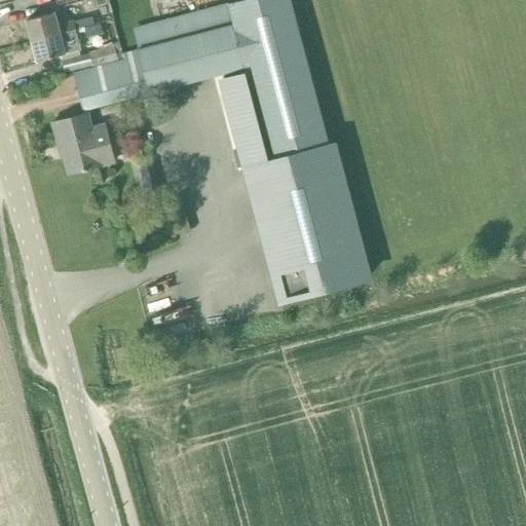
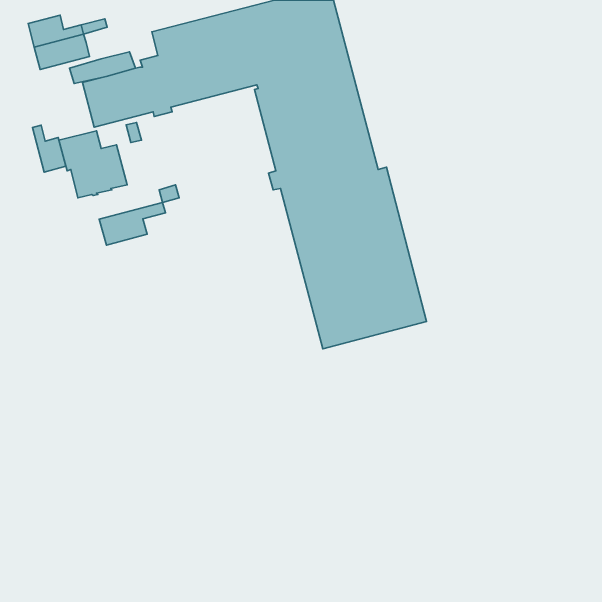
building: none -> [33,125,66,172]
building: none -> [99,203,165,245]

